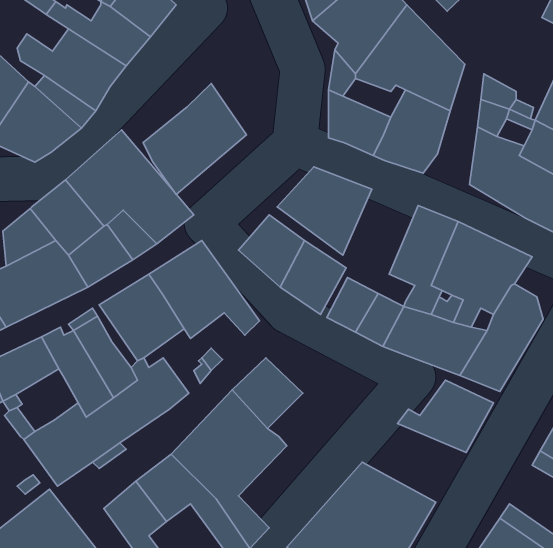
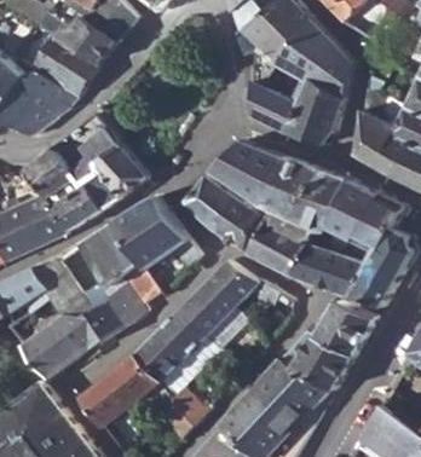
building: [143,83,247,195] -> none
building: none -> [260,156,317,220]
building: none -> [202,259,290,313]
building: none -> [275,332,353,392]

